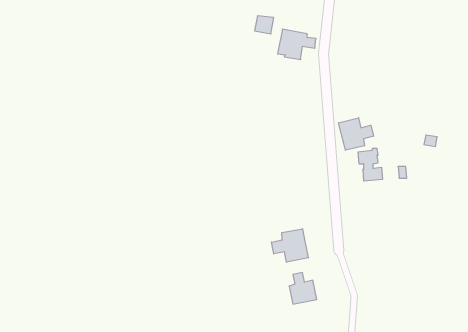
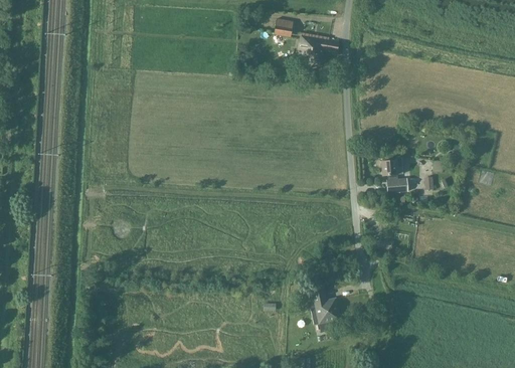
building: [339,118,374,150] -> none
building: [271,229,308,262] -> none

